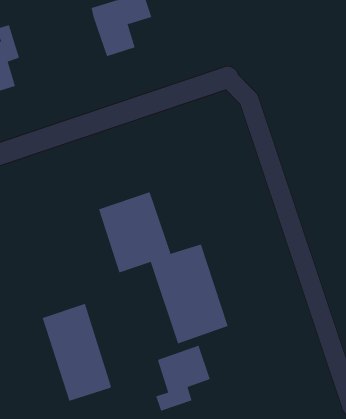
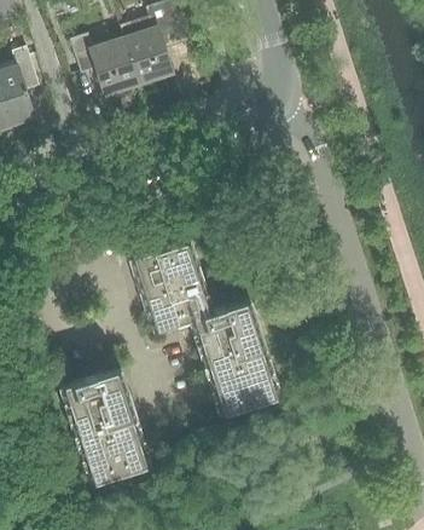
building: none -> [70,35,139,96]
building: [156,345,211,411] -> none

